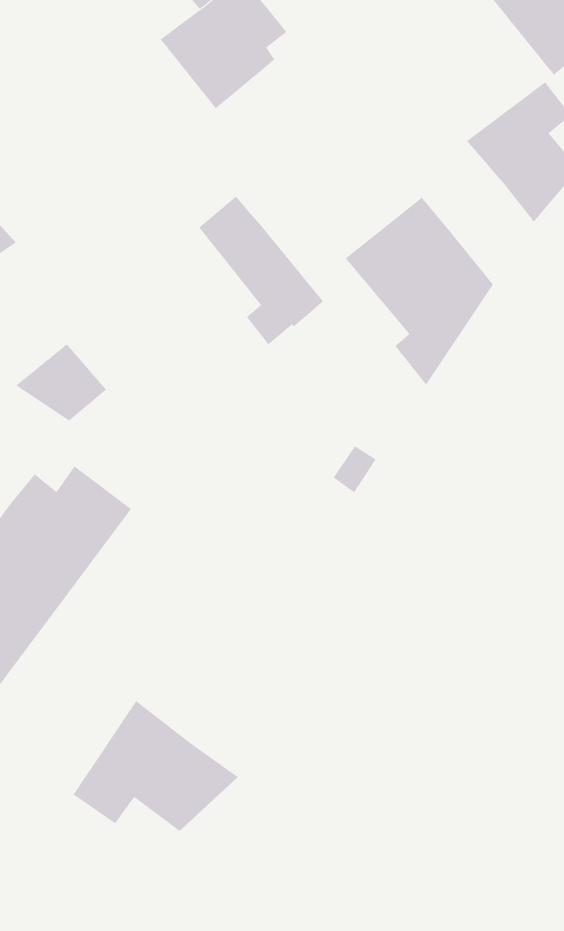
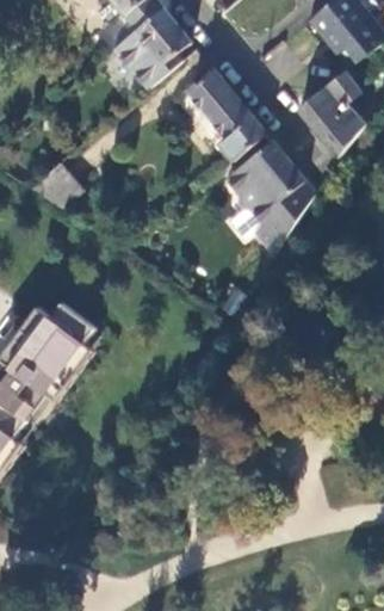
building: [198,196,324,345] -> [190,69,265,159]
building: [15,344,107,421] -> [29,161,83,208]
building: [73,700,239,832] -> none

